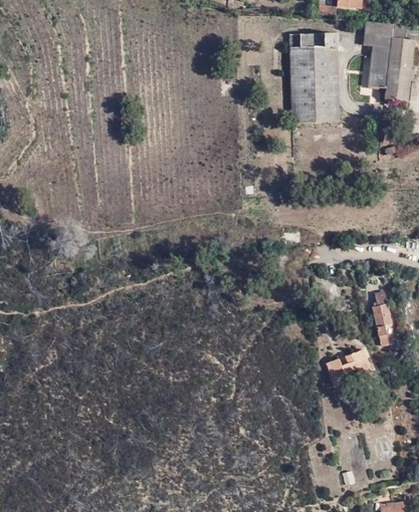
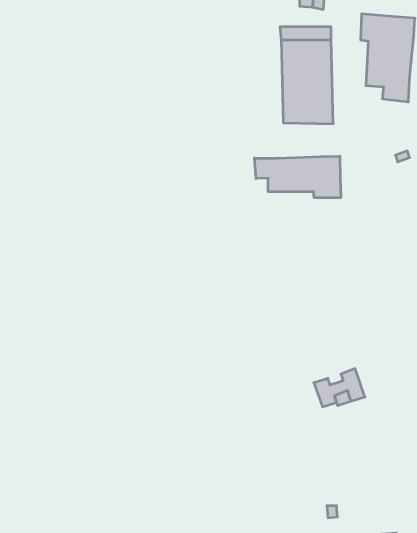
building: none -> [254,156,341,198]
building: [369,289,389,344] -> none

